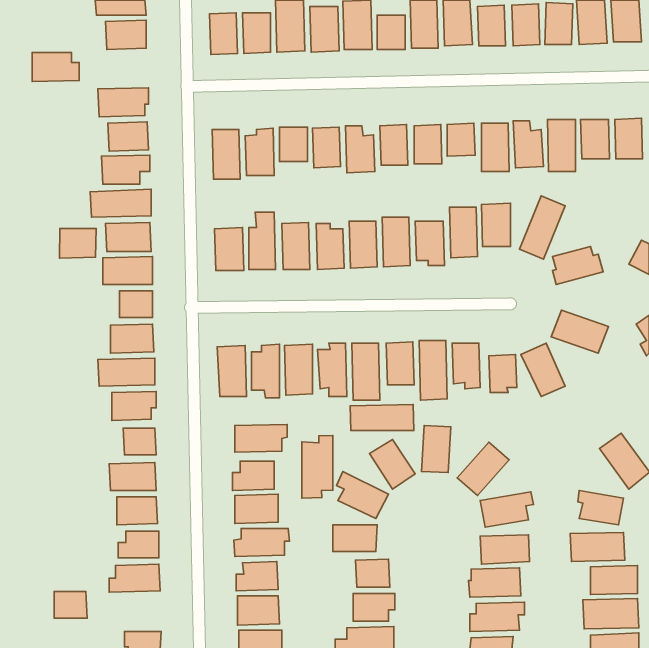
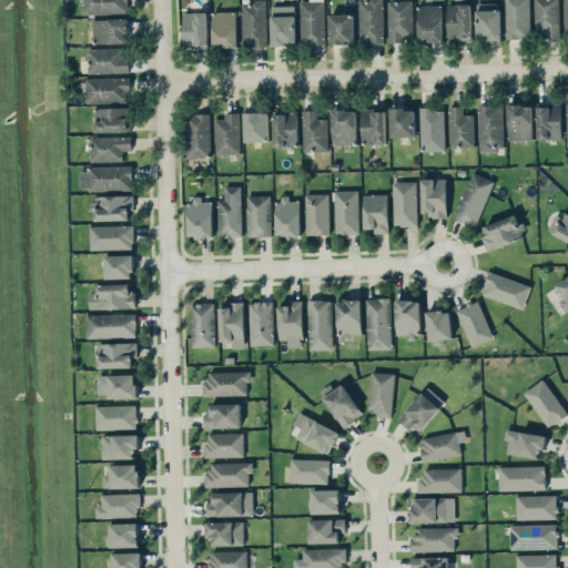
building: [32,52,79,82] -> [88,49,129,74]
building: [59,229,96,258] -> none
building: [350,404,414,431] -> none
building: [302,435,333,498] -> none
building: [54,591,87,618] -> [110,524,139,547]

